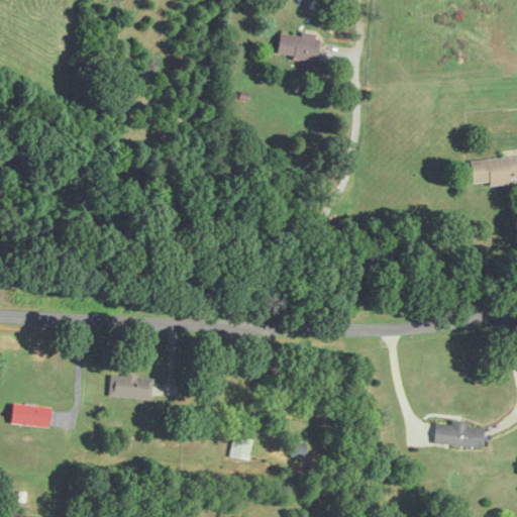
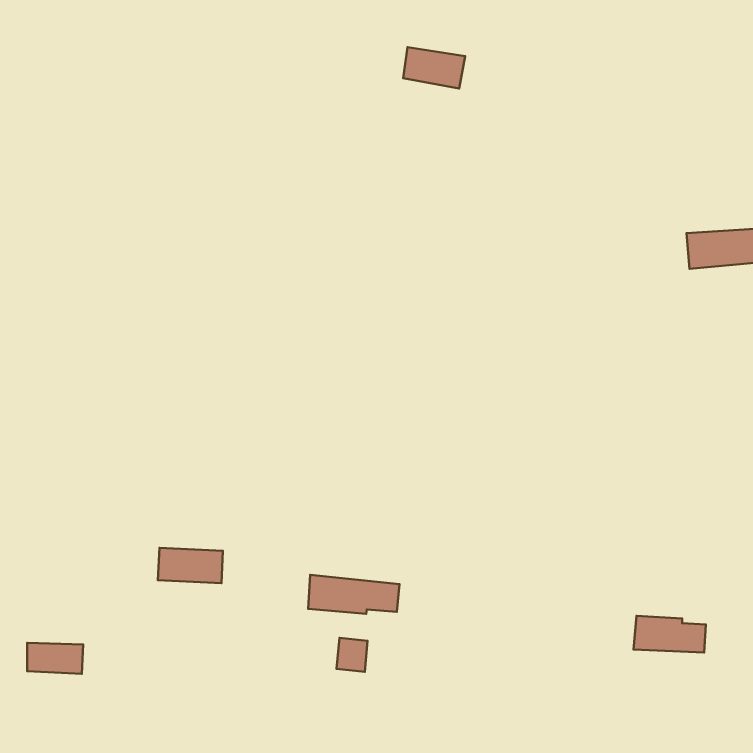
building: none -> [308,575,399,614]
building: [12,405,50,426] -> [27,643,83,674]

